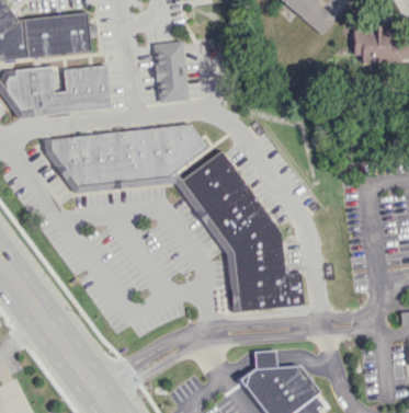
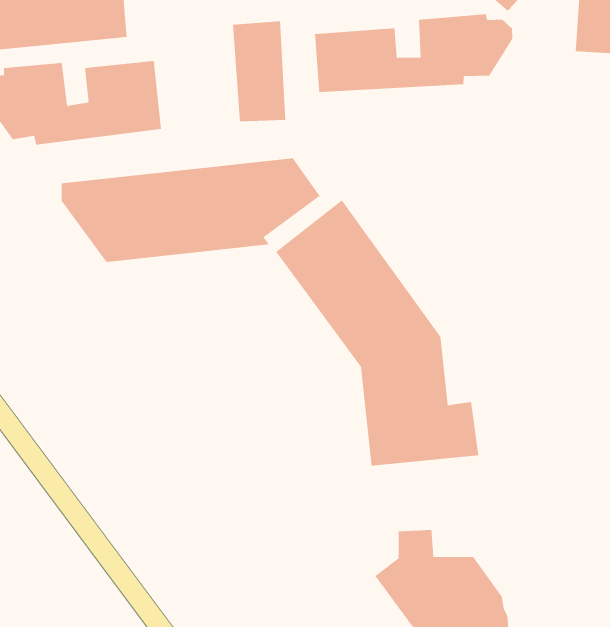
building: none -> [315,13,513,93]

